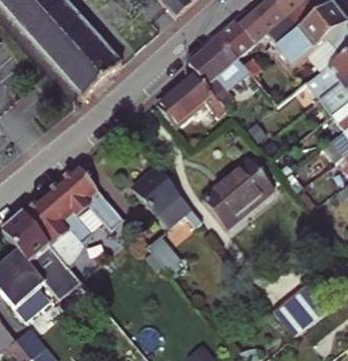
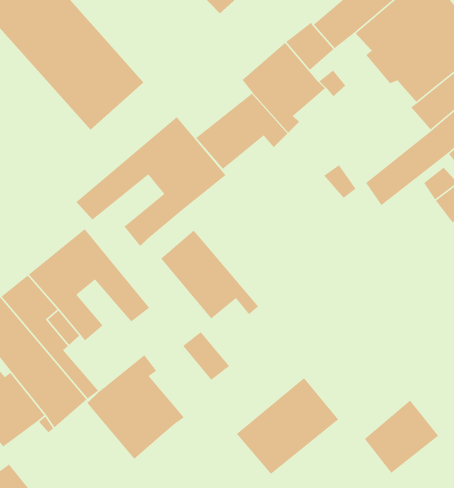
building: none -> [76,116,227,247]
building: [203,159,274,227] -> [236,377,339,475]
building: none -> [86,354,185,460]

